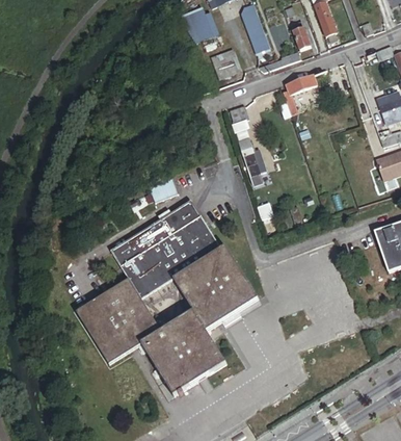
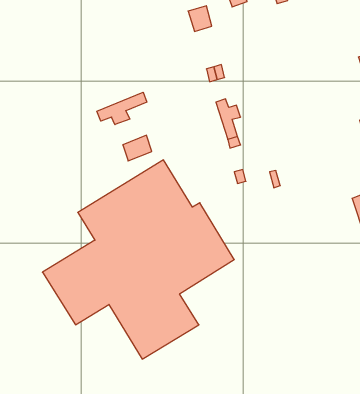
building: [284,74,318,114] -> none
building: none -> [97,92,147,125]

